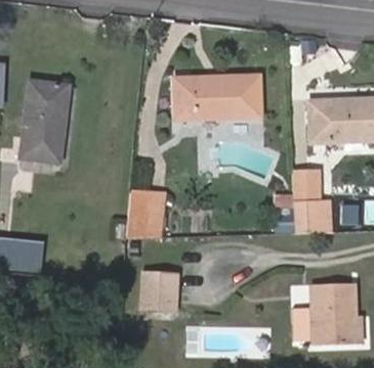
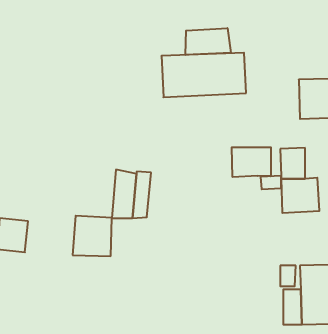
building: none -> [186,28,231,55]
building: [25,83,67,159] -> none
building: none -> [232,147,271,177]
building: [140,272,179,312] -> [73,216,112,256]

